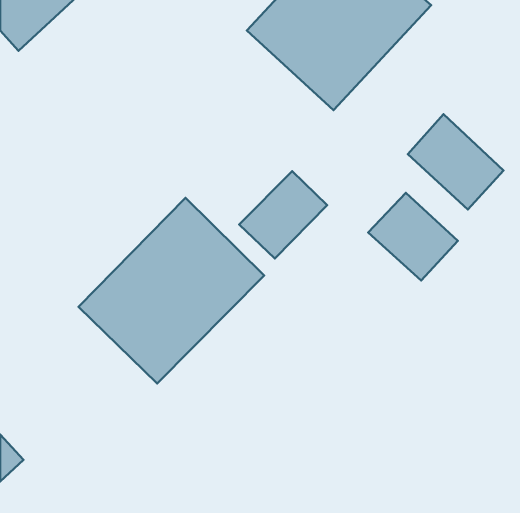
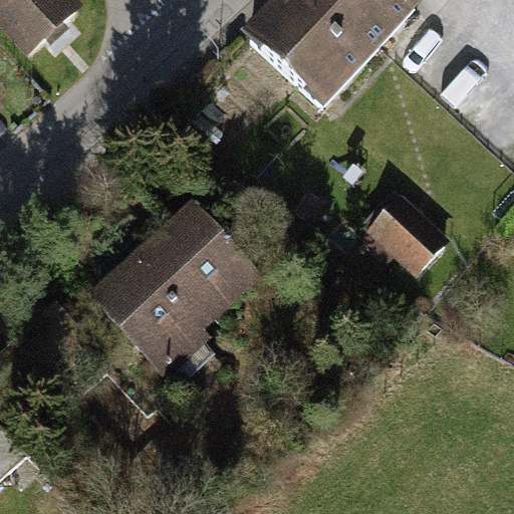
building: [408,114,504,209] -> none
building: [239,171,327,258] -> none

